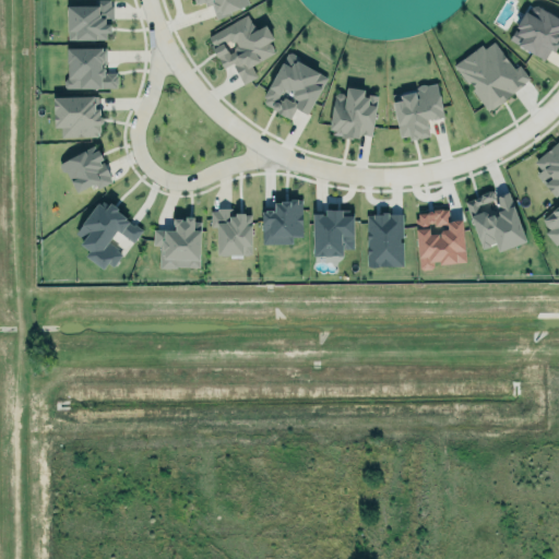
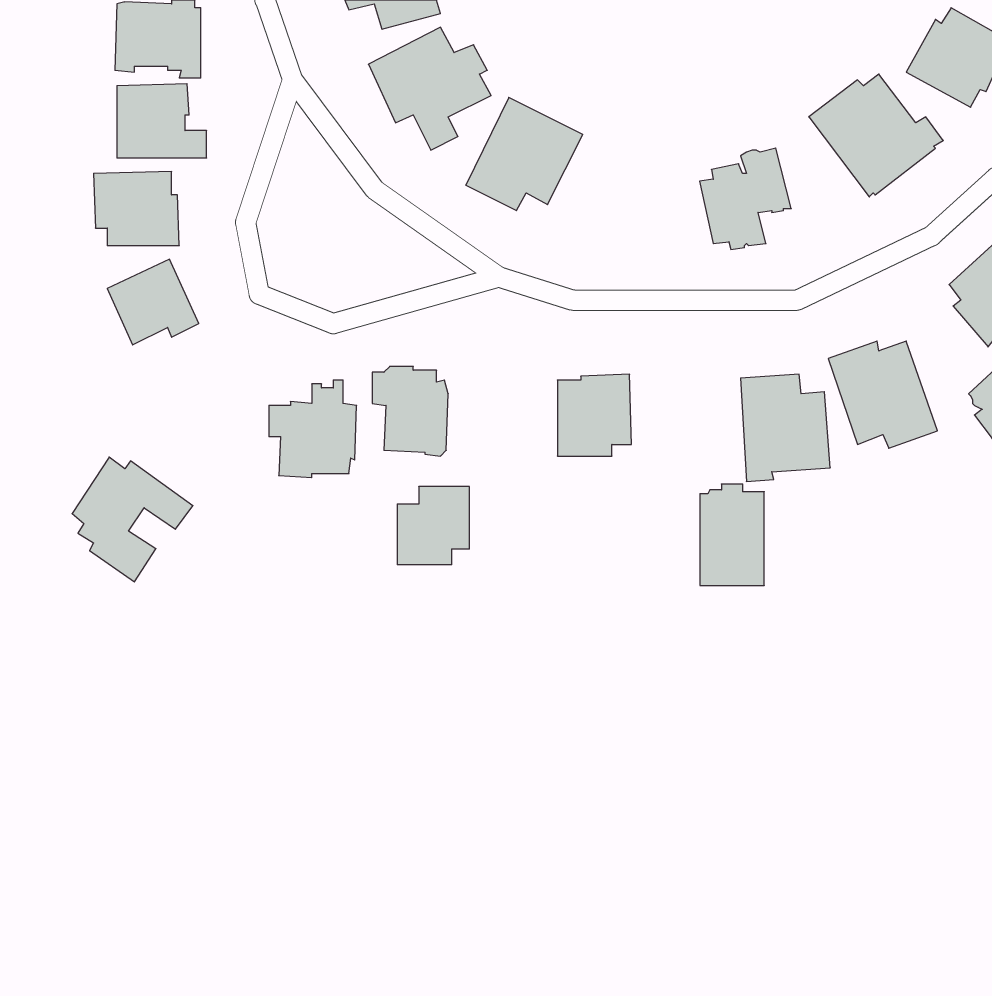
building: [330,87,381,140] -> none
building: [263,201,304,245] -> [397,487,469,565]
building: [78,202,145,272] -> [72,457,193,582]
building: [368,207,404,264] -> [700,484,764,585]

